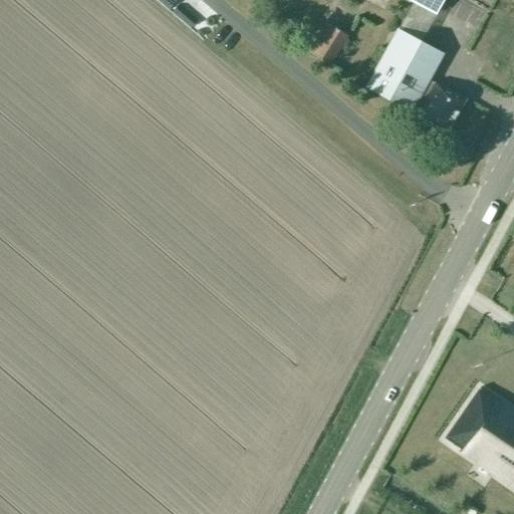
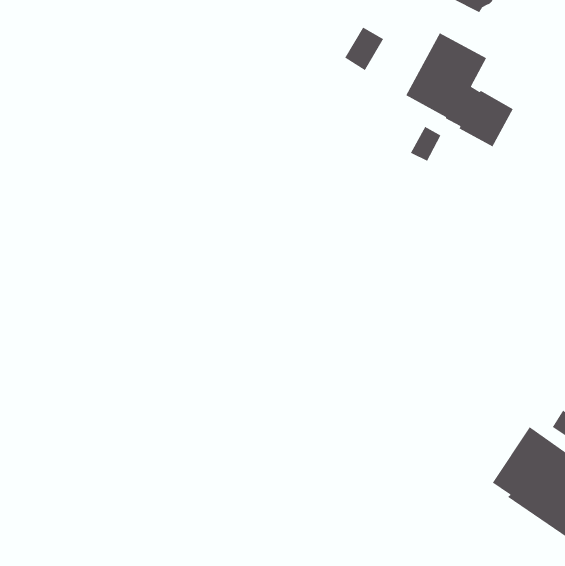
building: none -> [410,126,442,162]

